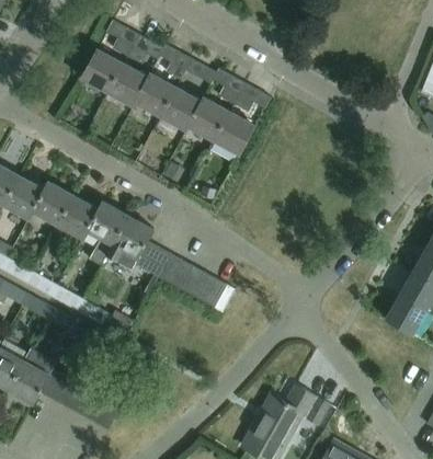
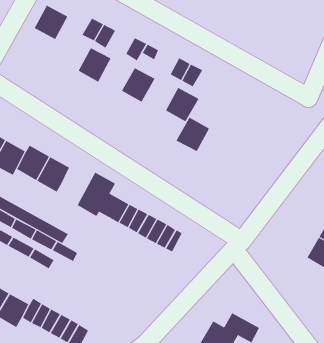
building: [81,48,123,91] -> [34,5,68,40]
building: [133,72,176,115] -> none
building: [185,96,229,139] -> [174,117,210,152]
building: [87,200,128,264] -> none

